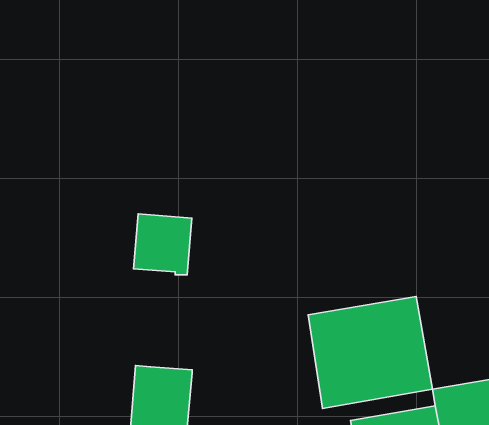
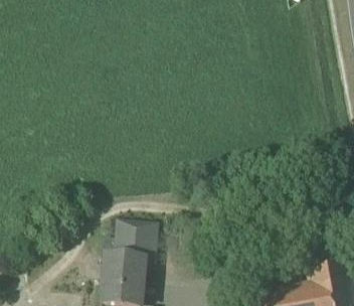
building: [134,214,192,275] -> [117,219,156,261]
building: [308,296,432,408] -> none

